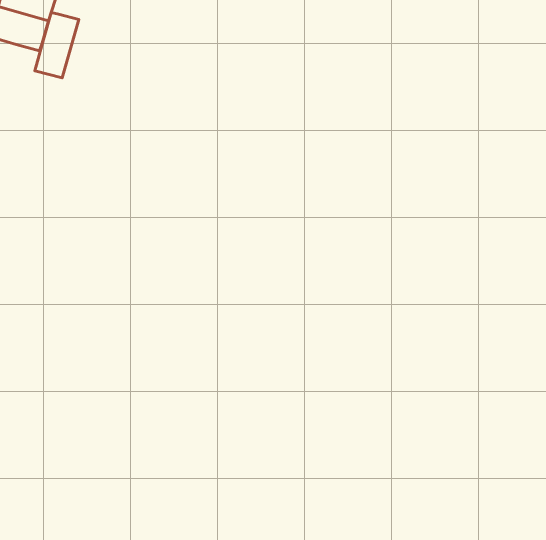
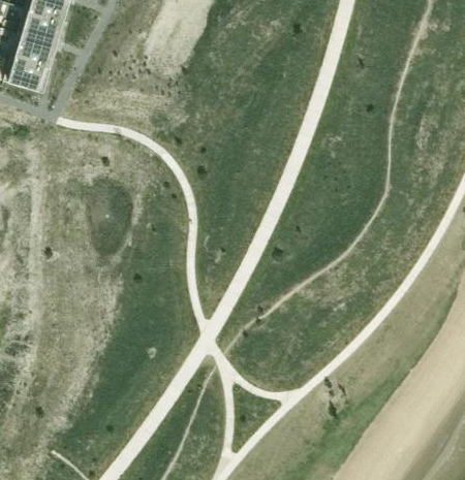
building: [35,12,79,78] -> none

